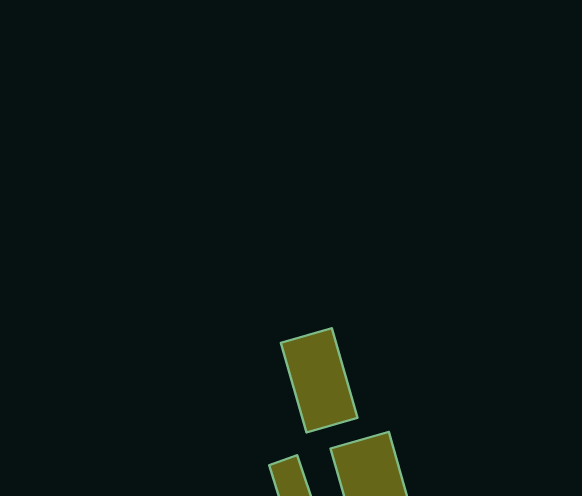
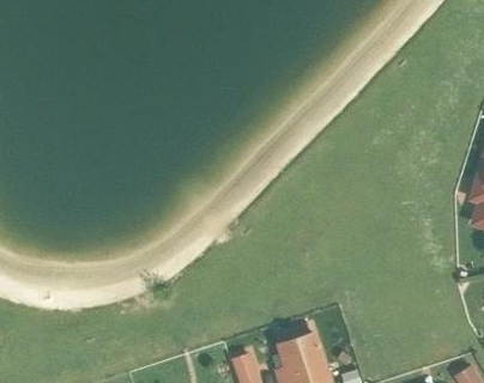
building: [281,328,357,432] -> none

